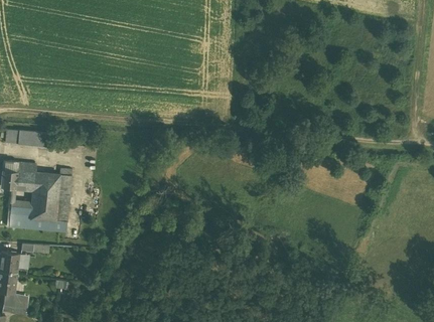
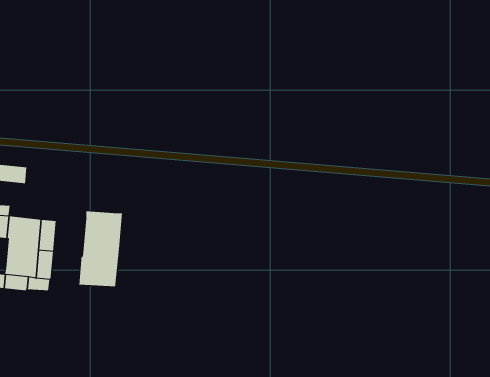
building: none -> [79,211,123,287]

